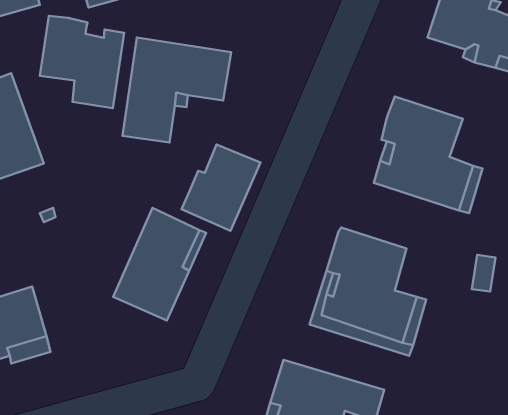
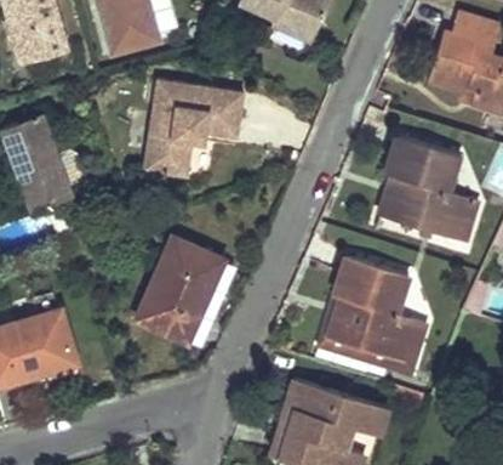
building: [40,16,124,108] -> none
building: [182,144,260,231] -> none

